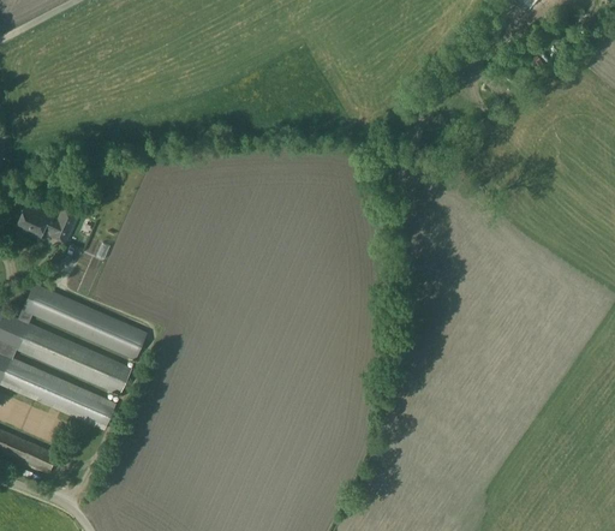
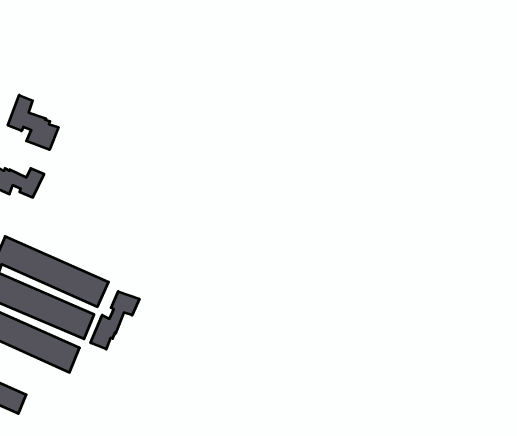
building: none -> [8,95,58,150]
building: none -> [91,291,139,349]

